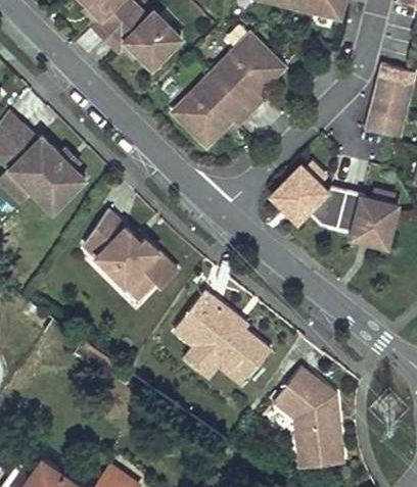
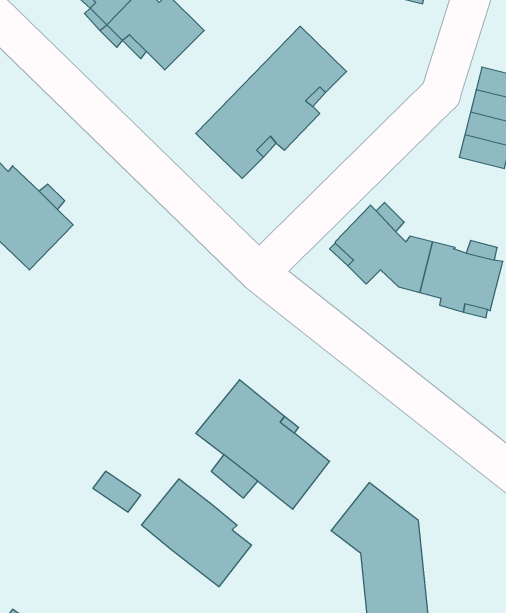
building: [84,210,177,298] -> none
building: none -> [142,479,252,587]

